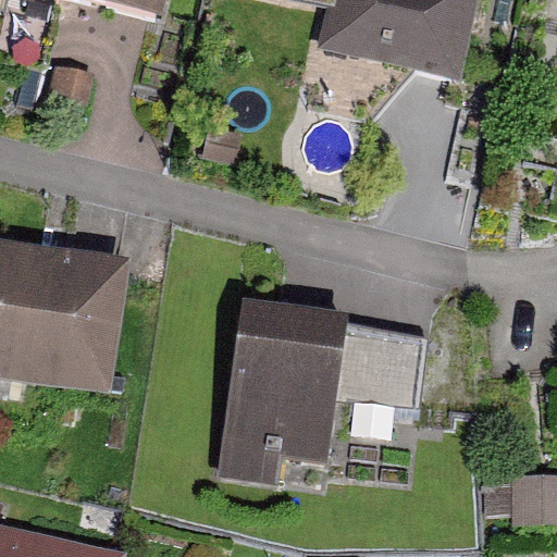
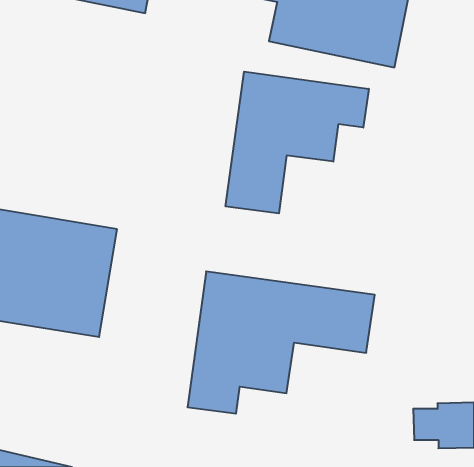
building: none -> [226,72,369,213]

